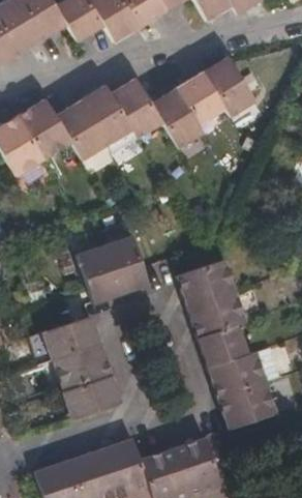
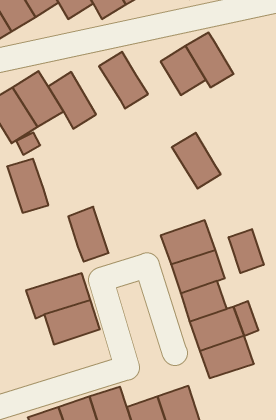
building: [80,85,132,145] -> none
building: [150,88,203,148] -> [172,133,221,189]
building: [103,236,148,294] -> [7,159,48,213]
building: none -> [229,229,264,273]
building: [61,376,120,419] -> none

